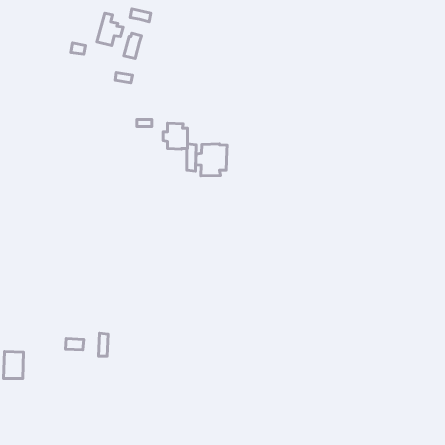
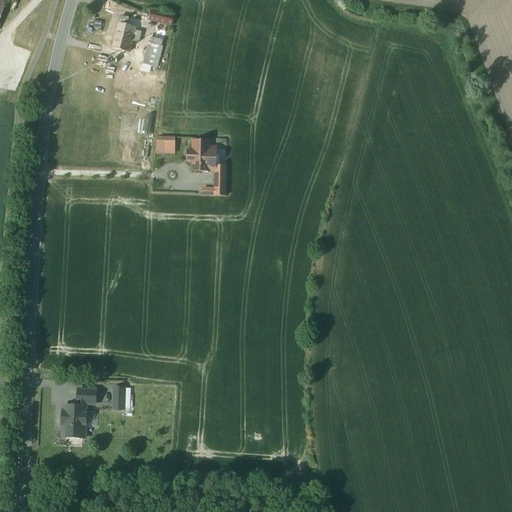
building: [196,144,227,176] -> none
building: [4,351,24,379] -> [62,406,85,437]

